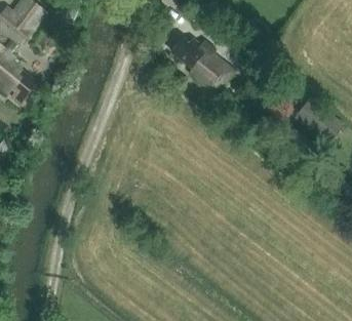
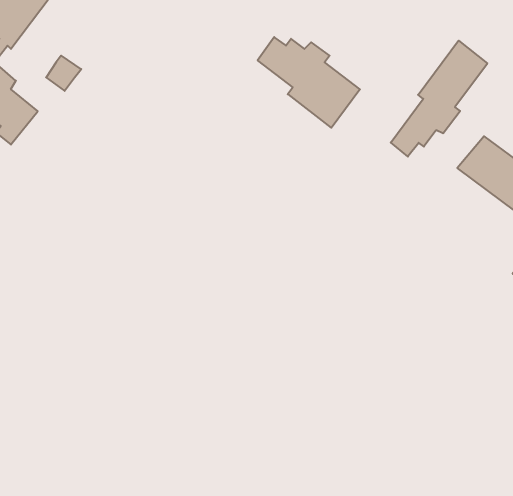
building: none -> [391,41,487,157]

